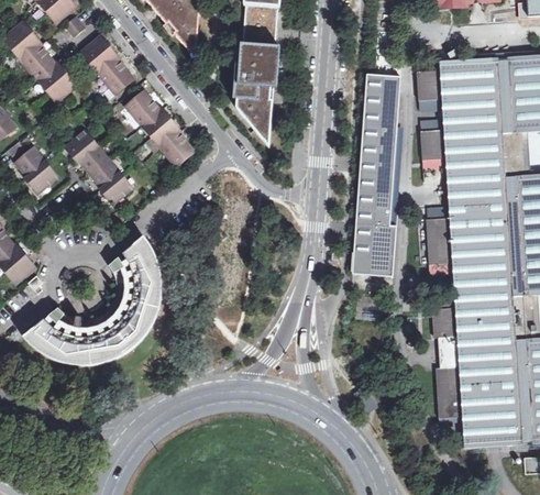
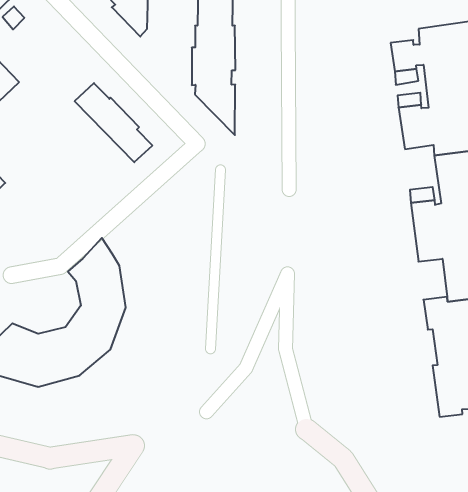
building: [81,36,134,94] -> none
building: [353,75,401,277] -> none
building: [66,131,133,205] -> none

